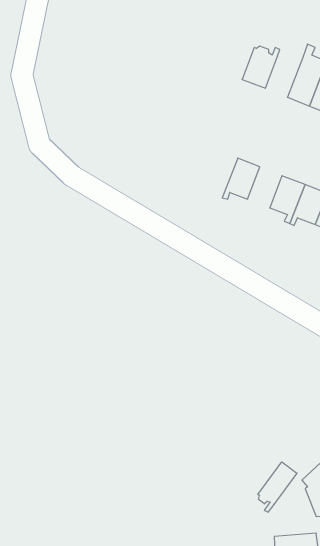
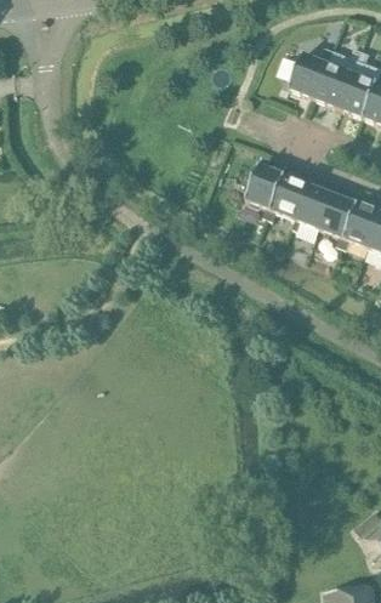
building: none -> [314,62,356,107]
building: none -> [245,164,284,217]
building: none -> [291,183,332,228]
building: [258,462,297,512] -> none

